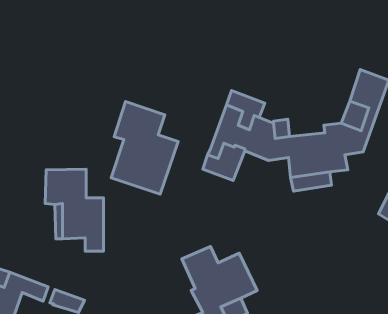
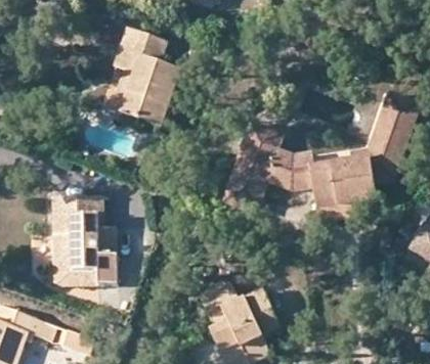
building: [111,101,178,194] -> [111,28,182,127]

